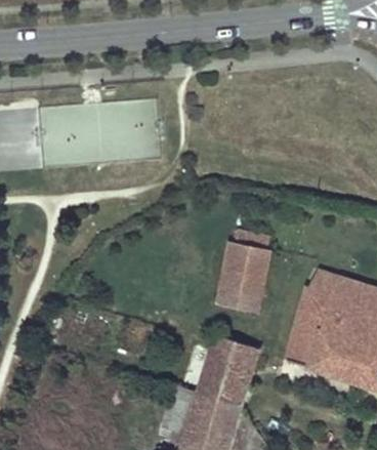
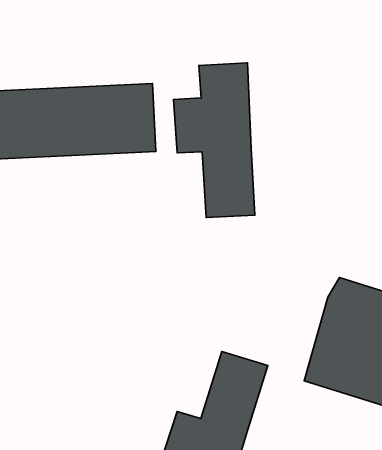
building: none -> [173,63,255,218]
building: [219,241,269,313] -> none

